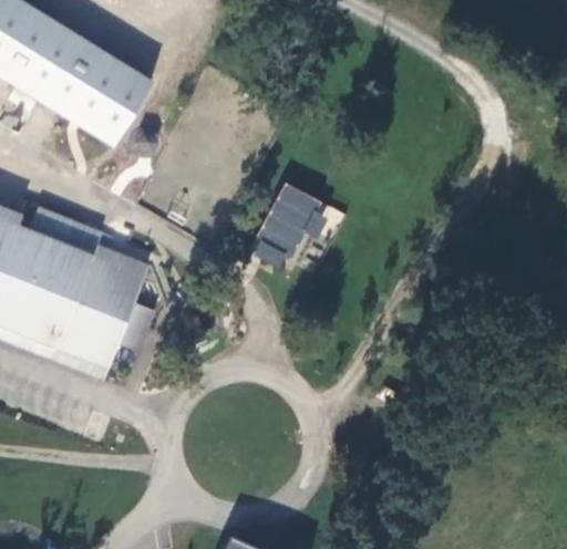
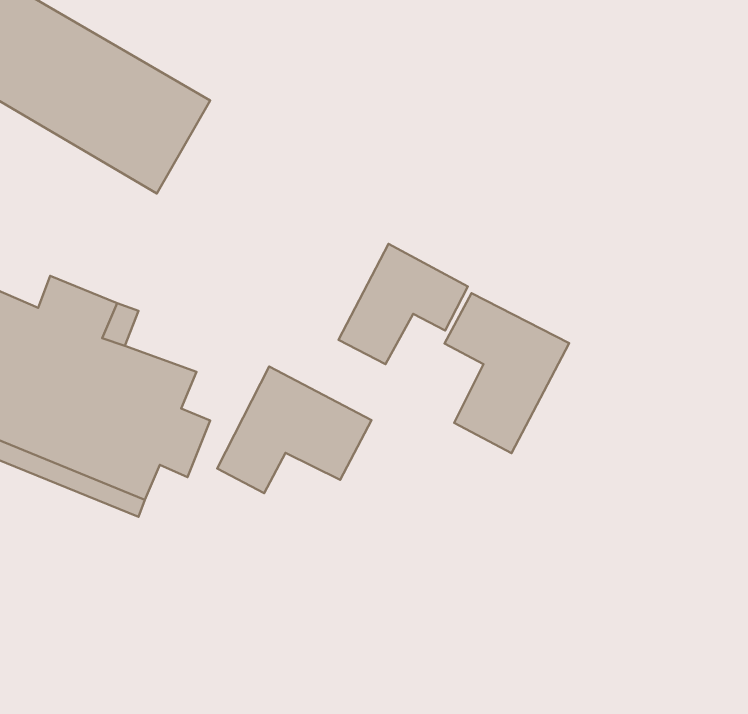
building: none -> [445,293,569,453]
building: none -> [217,367,372,493]

